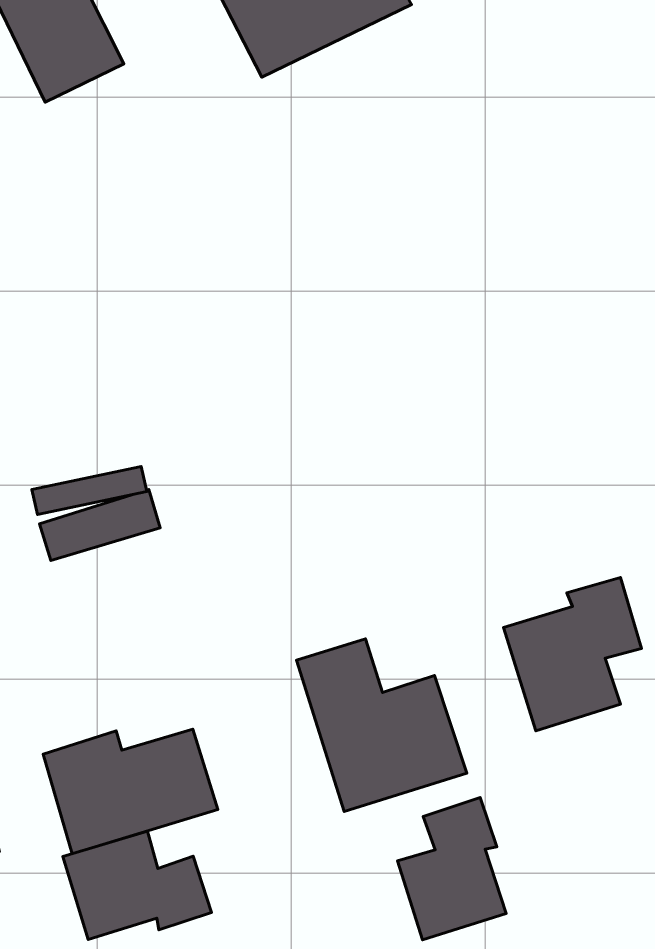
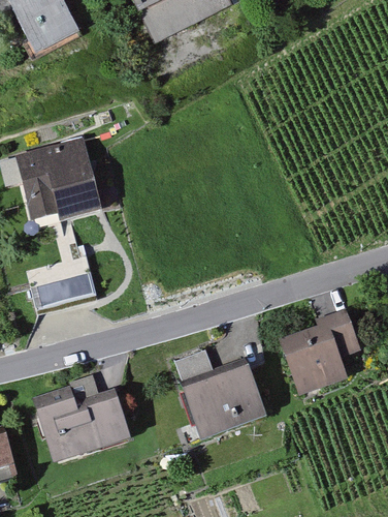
building: none -> [18,136,100,226]
building: [398,797,506,940] -> none
building: [63,831,212,940] -> none

